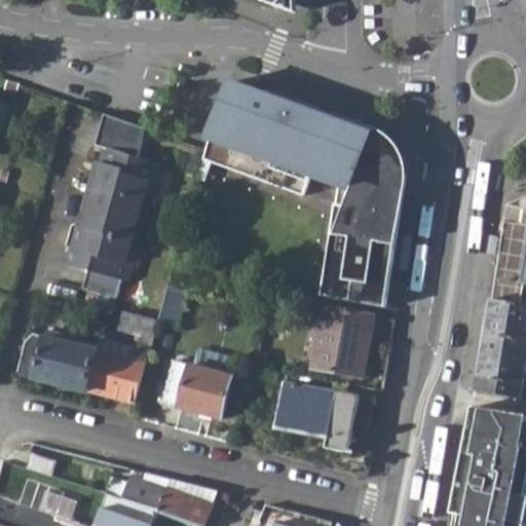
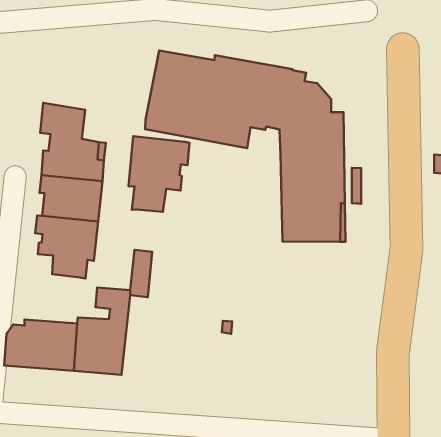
building: none -> [129,136,189,212]
building: [310,306,392,376] -> none
building: [159,360,231,418] -> none
building: [274,382,358,452] -> none

